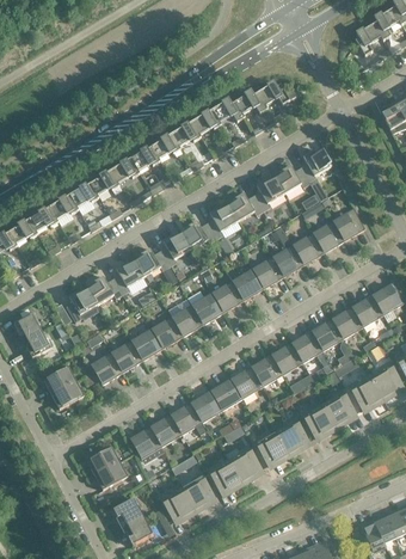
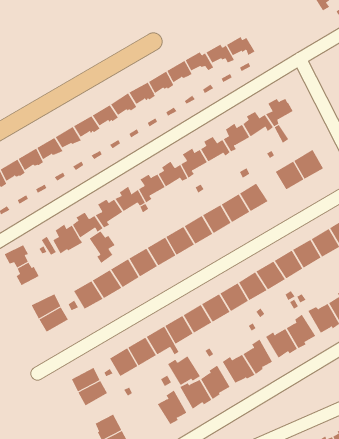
building: [291,232,324,264] -> none
building: none -> [89,230,116,264]
building: [159,487,196,521] -> [167,356,201,386]

